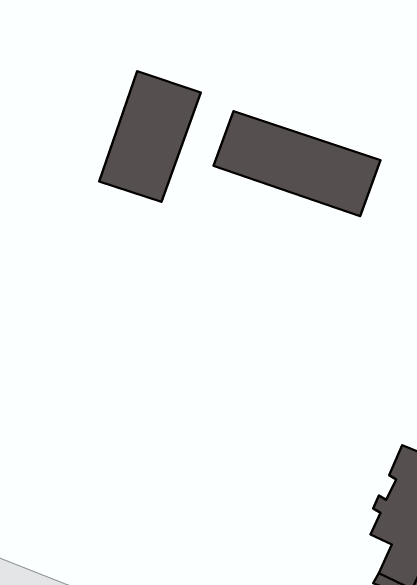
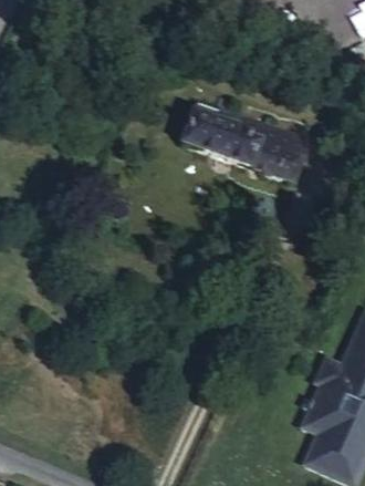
building: [99,71,201,202] -> none

